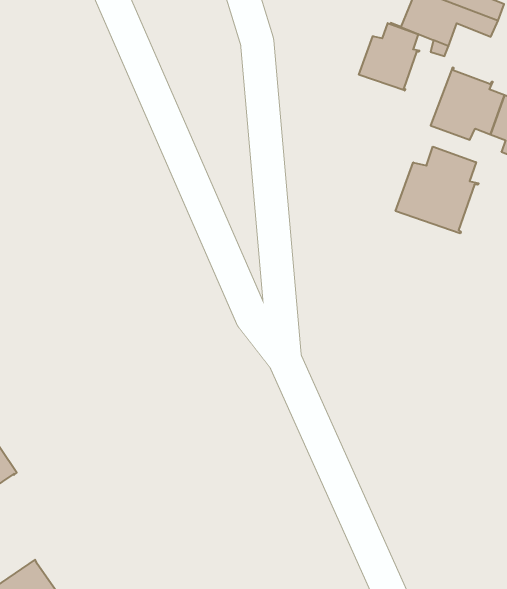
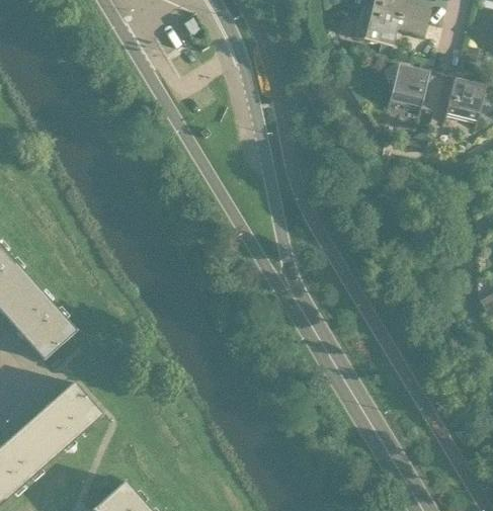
building: [359,23,419,91] -> none
building: [396,147,479,233] -> none

